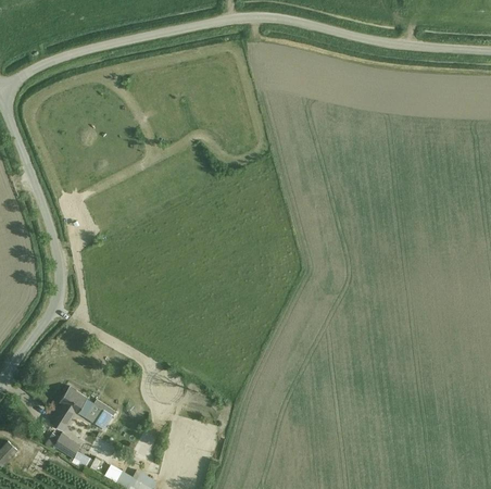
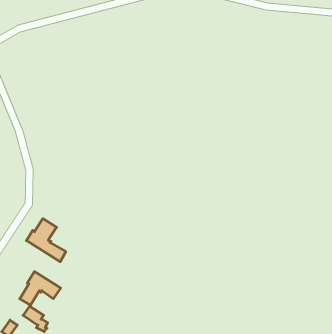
building: none -> [26,219,66,262]

